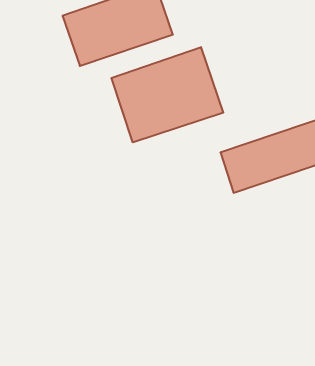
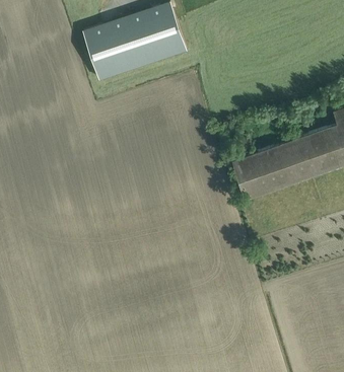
building: [111,47,223,142] -> none

